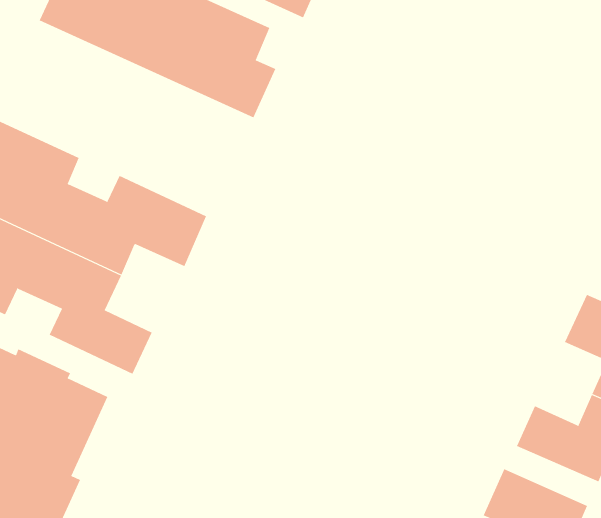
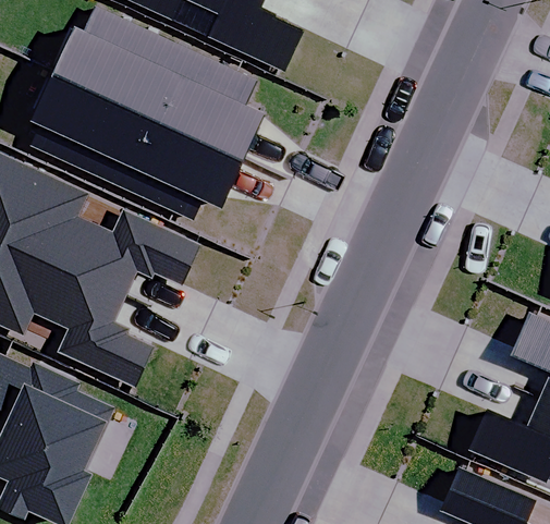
building: none -> [30,71,242,216]

